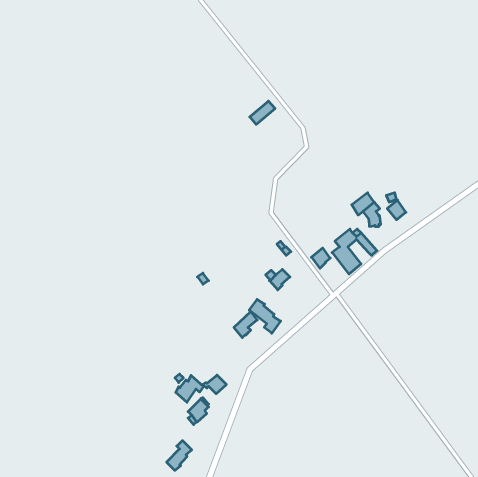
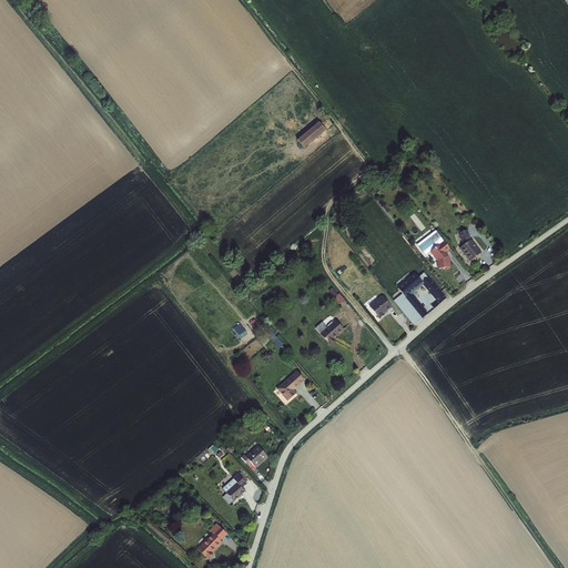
building: [249,299,281,333] -> none
building: [176,375,203,402] -> none

